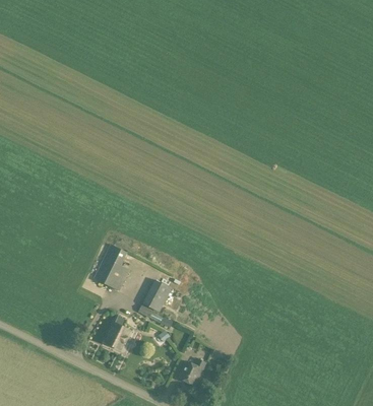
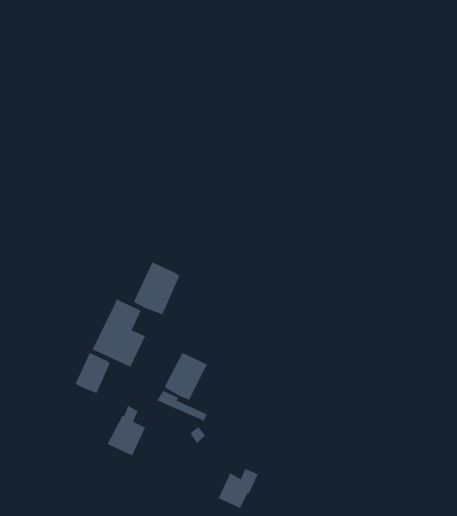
building: none -> [133,261,180,315]
building: none -> [75,352,111,394]

